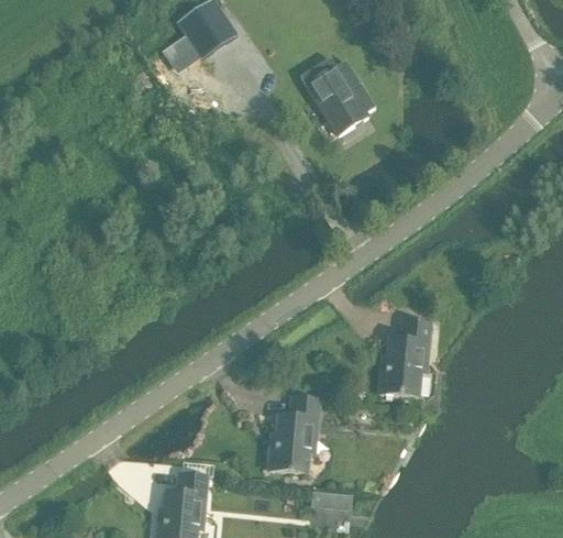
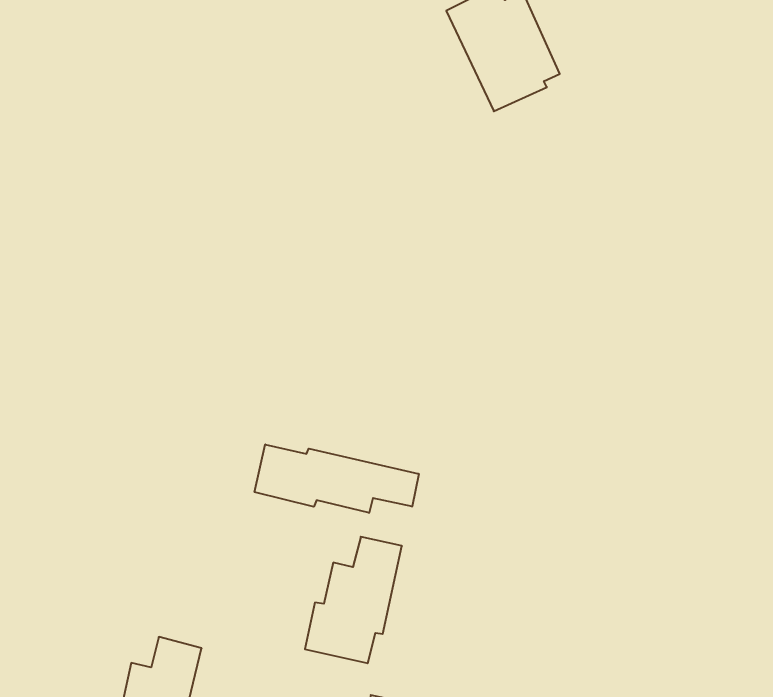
building: [379,320,429,396] -> none
building: none -> [255,444,419,513]

